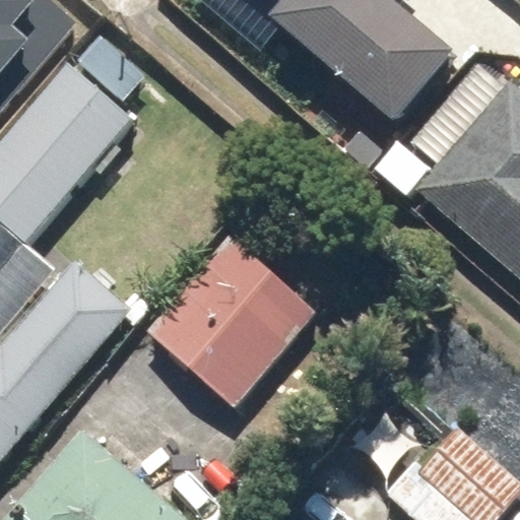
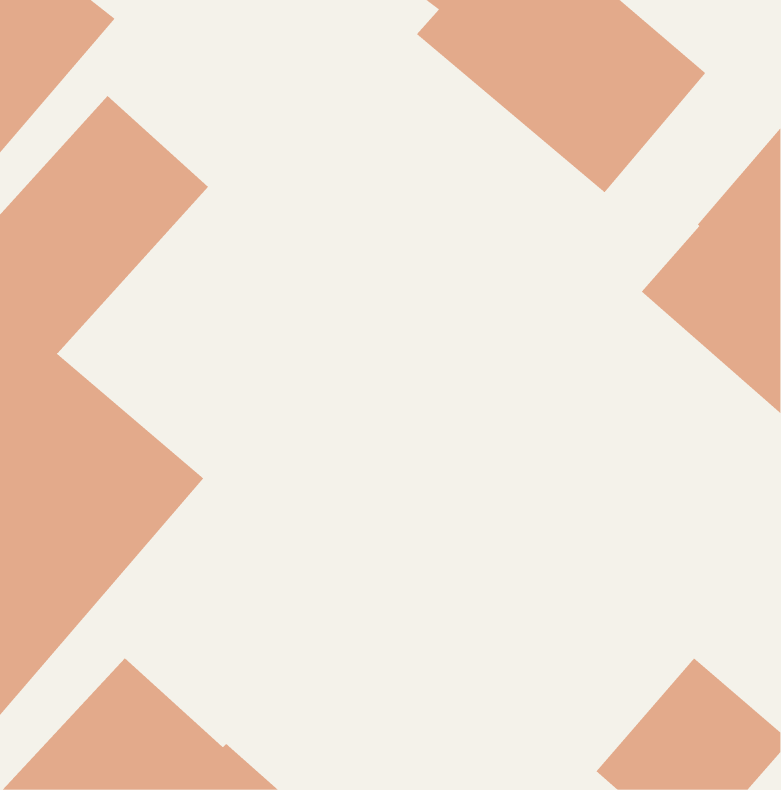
building: [148,239,314,404] -> none

